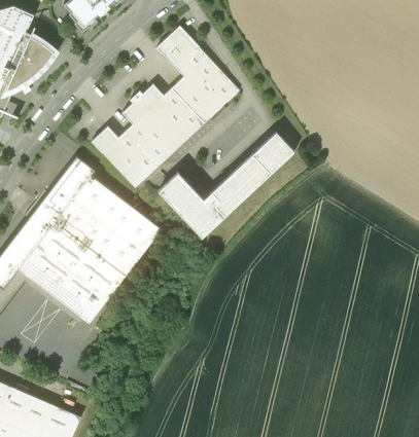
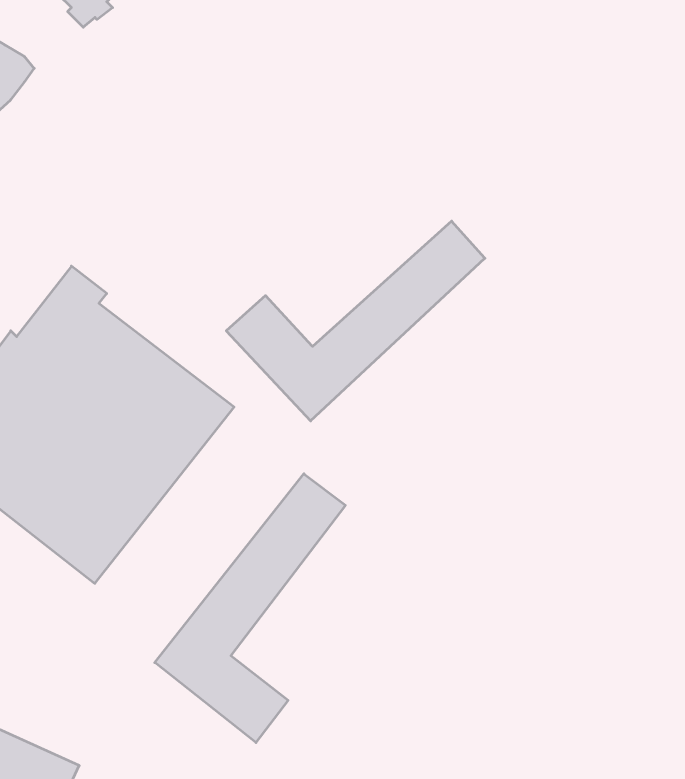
building: [91,26,239,187] -> none
building: none -> [155,474,345,743]

